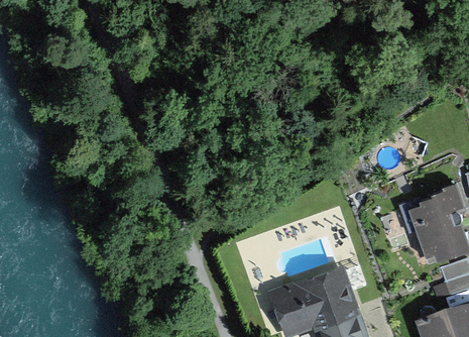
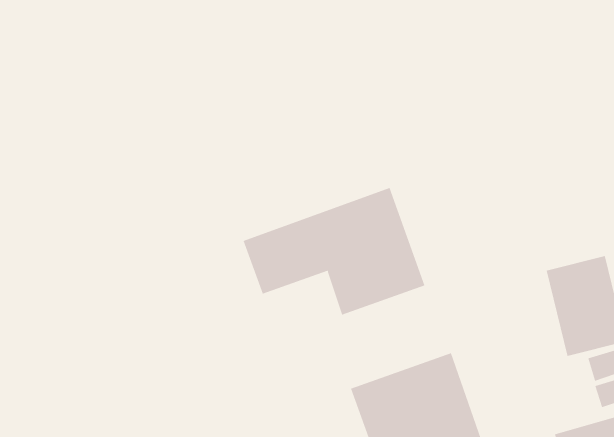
building: none -> [243,187,425,315]

